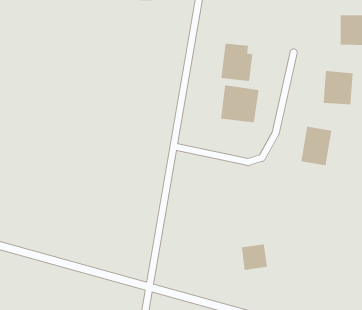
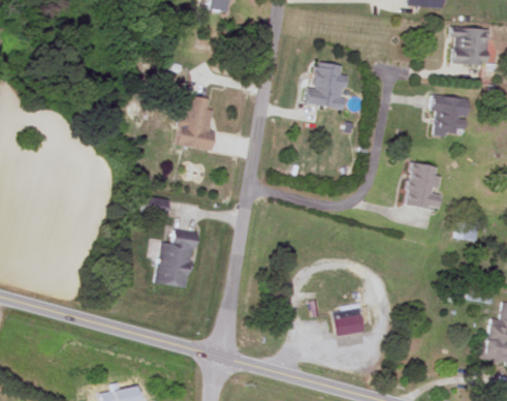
building: none -> [177,97,215,150]
building: [221,84,259,123] -> none
building: none -> [156,237,194,287]

